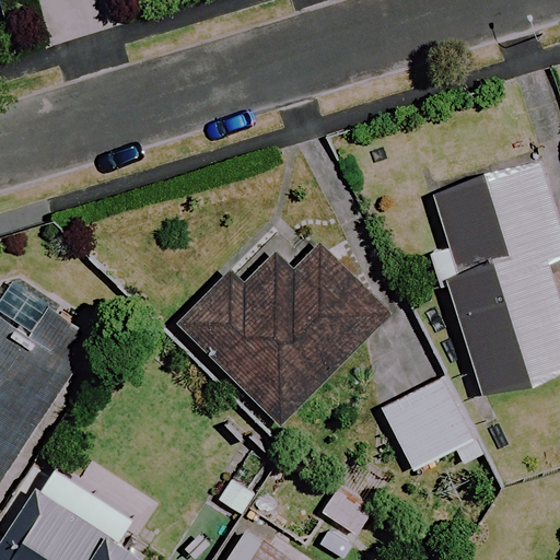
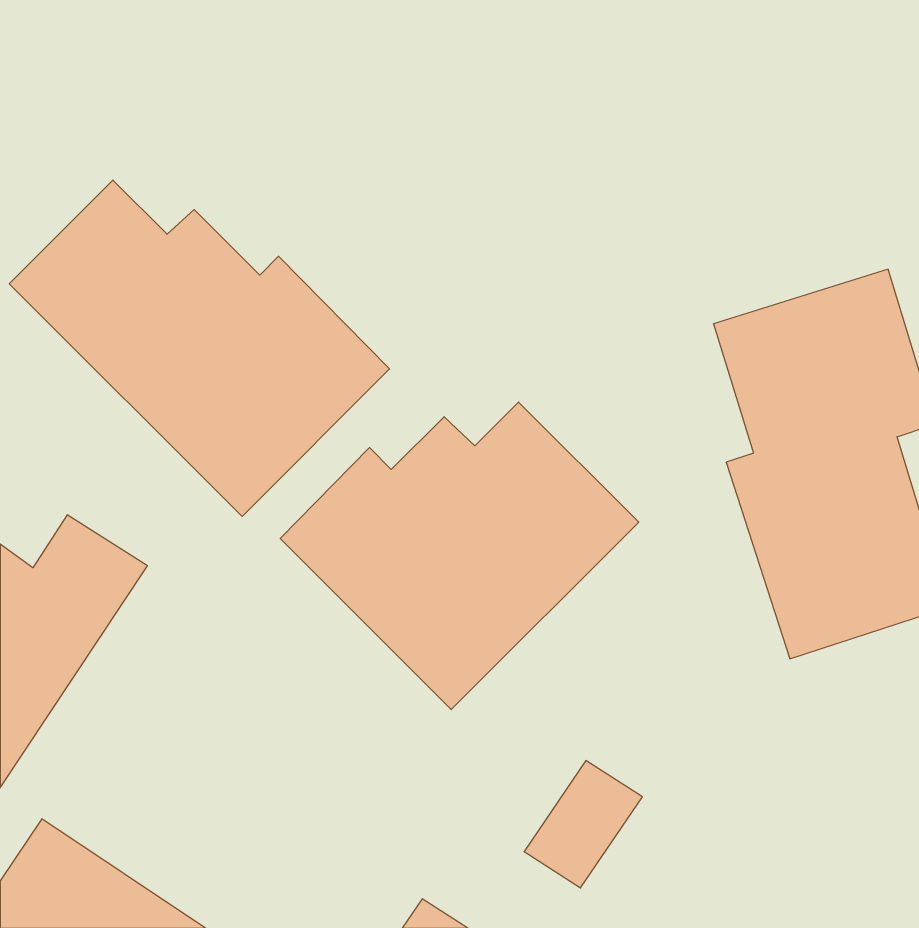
building: none -> [9,180,390,516]
building: [381,376,483,471] -> none

